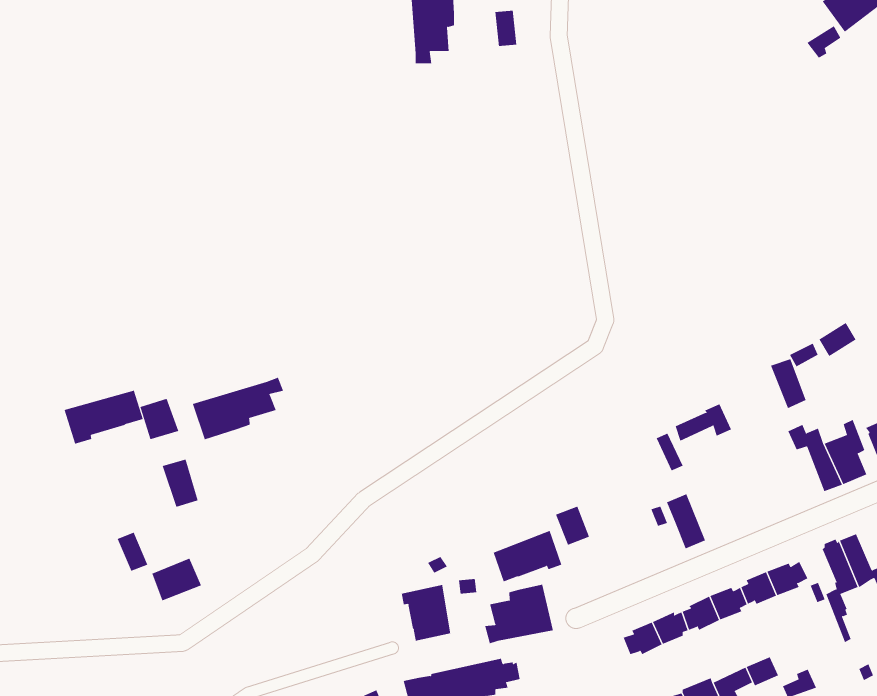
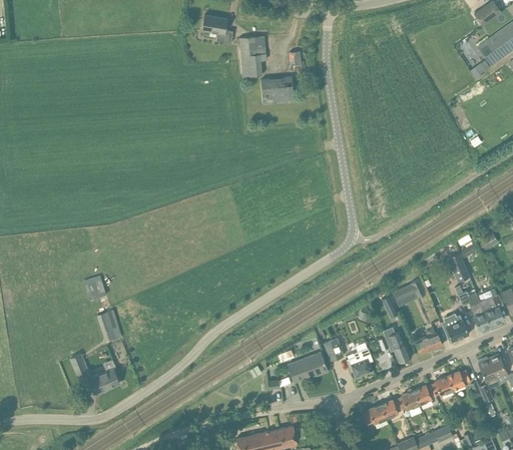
building: none -> [261,77,294,104]
building: [192,377,284,440] -> none
building: [64,390,143,444] -> none
building: none -> [441,314,469,341]
building: none -> [415,329,442,354]
building: none -> [348,348,373,377]
building: [485,584,553,644] -> none
building: [401,584,451,641] -> none

